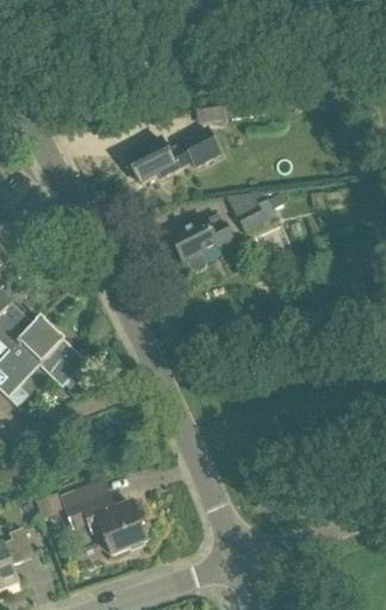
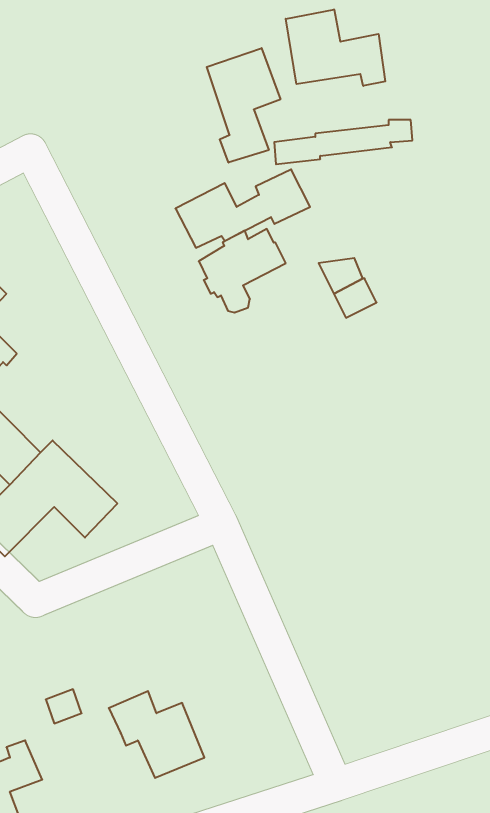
building: none -> [286,9,385,86]
building: none -> [207,48,280,163]
building: [173,214,234,273] -> [199,229,286,312]

